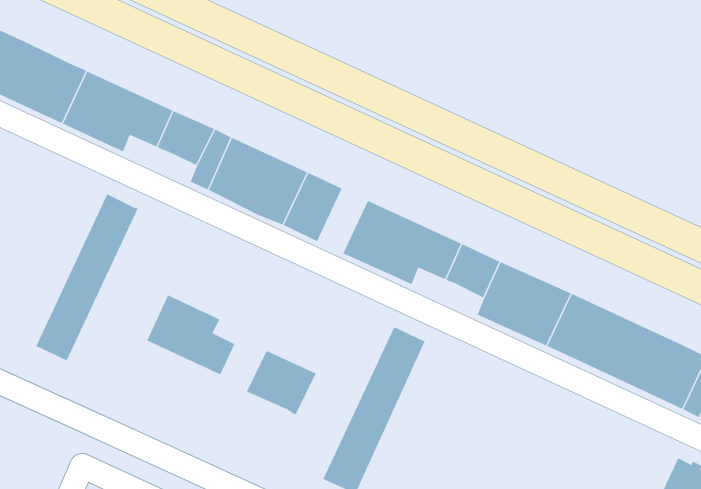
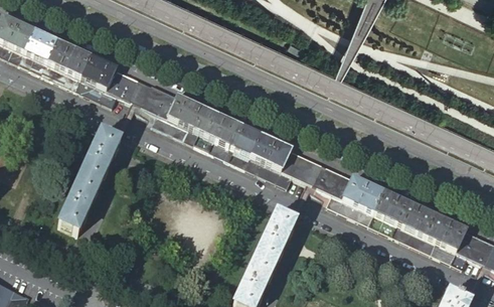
building: none -> [229,124,260,163]
building: [147,294,235,375] -> none
building: [246,350,316,415] -> none

